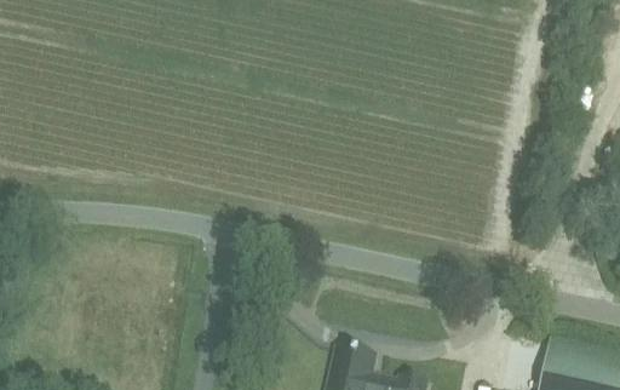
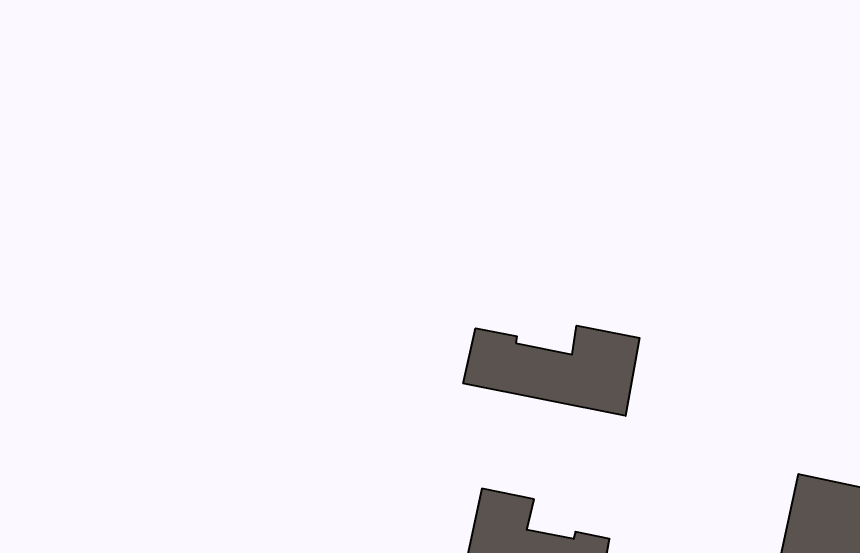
building: none -> [463,326,640,416]

